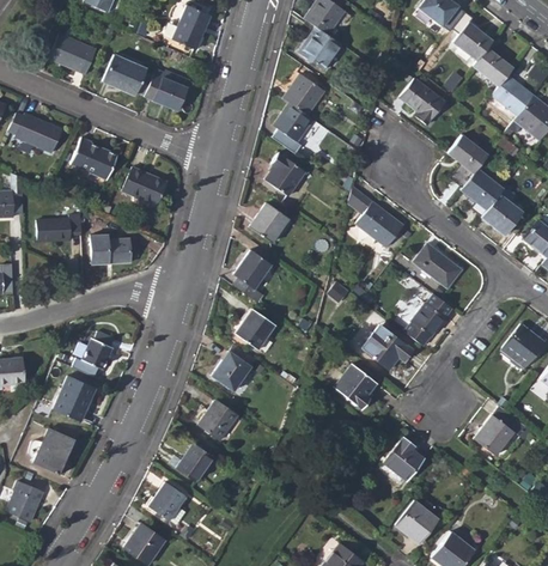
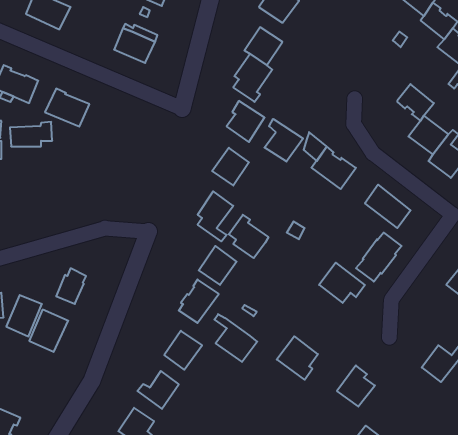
building: [102,55,147,97] -> none
building: [398,78,445,126] -> none
building: [121,168,166,206] -> none
building: none -> [264,119,303,162]
building: [36,215,81,242] -> [10,122,52,146]
building: [90,236,129,266] -> none
building: none -> [229,215,268,258]
building: [333,363,377,409] -> [277,336,318,380]
building: none -> [214,314,257,362]
building: [34,430,72,474] -> [6,295,42,336]

